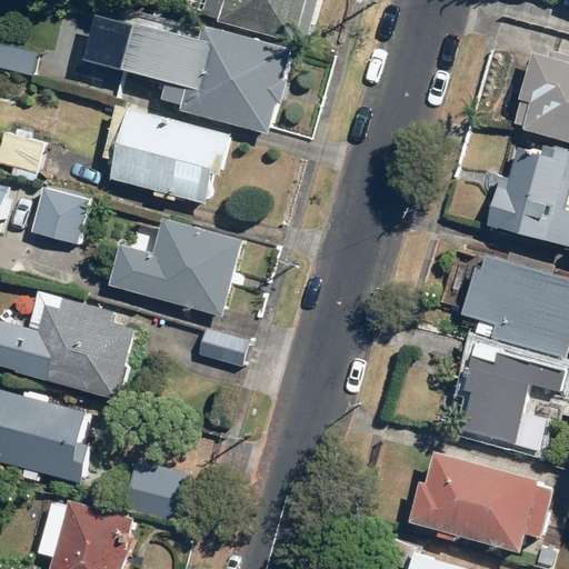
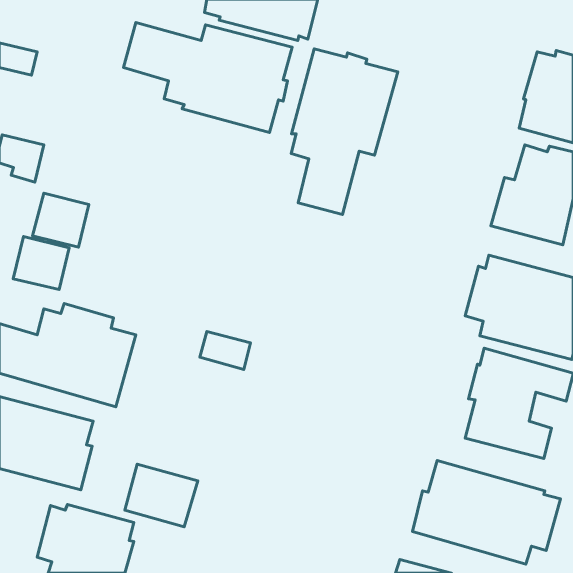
building: [80,11,134,67] -> none
building: none -> [291,49,398,215]
building: [102,106,232,202] -> none
building: [109,219,241,313] -> none
building: none -> [13,236,69,289]

